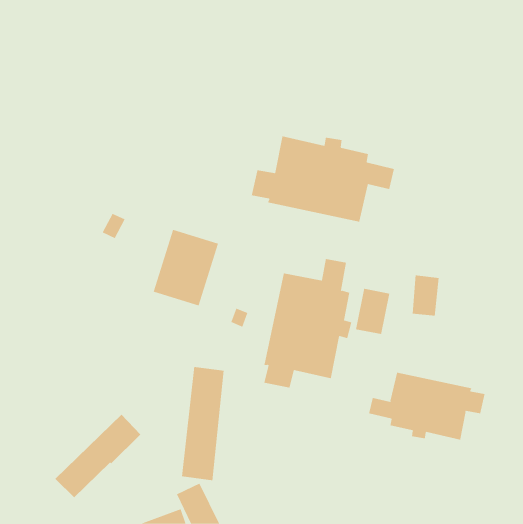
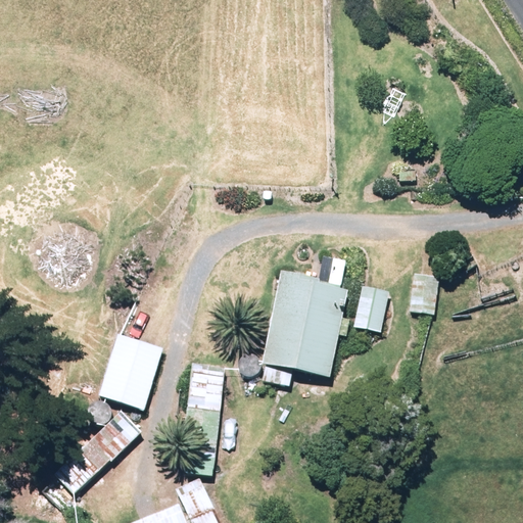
building: [251,136,395,222] -> none
building: [153,229,219,306] -> [98,334,163,411]
building: [369,372,485,440] -> none

